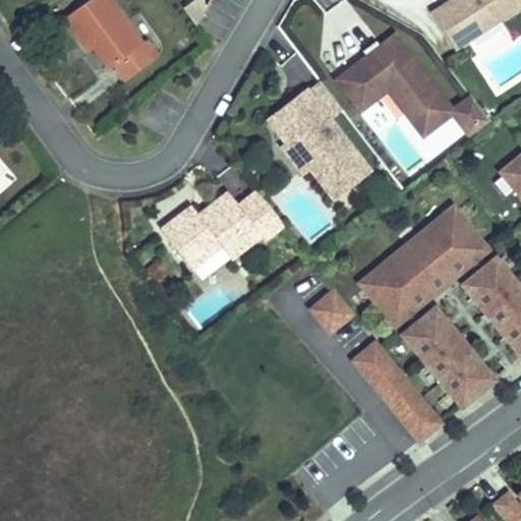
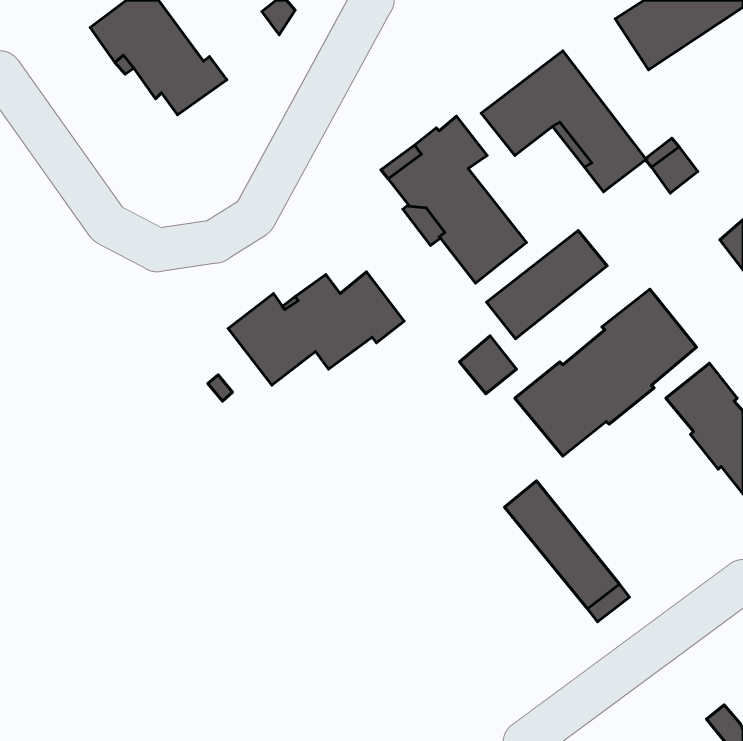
building: none -> [487,230,607,339]
building: [312,286,352,327] -> [460,336,516,394]
building: [402,305,491,402] -> none

